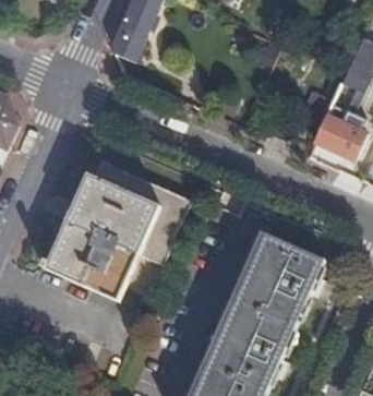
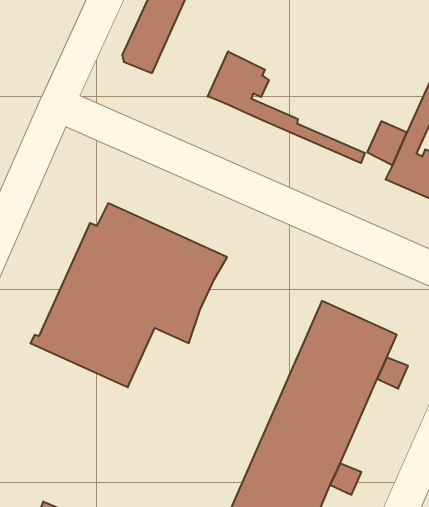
building: none -> [208,51,365,163]

